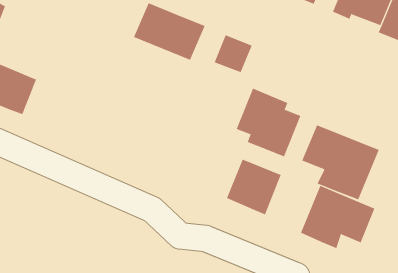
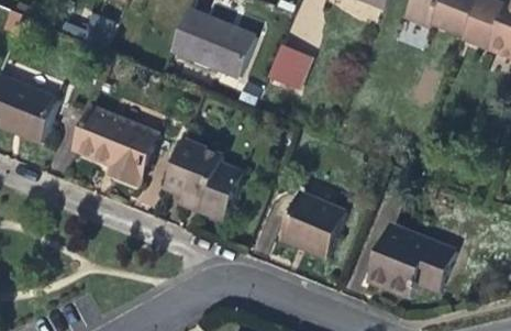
building: none -> [74,106,157,184]
building: [236,88,301,157] -> [165,139,242,220]
building: [301,124,379,200] -> none

